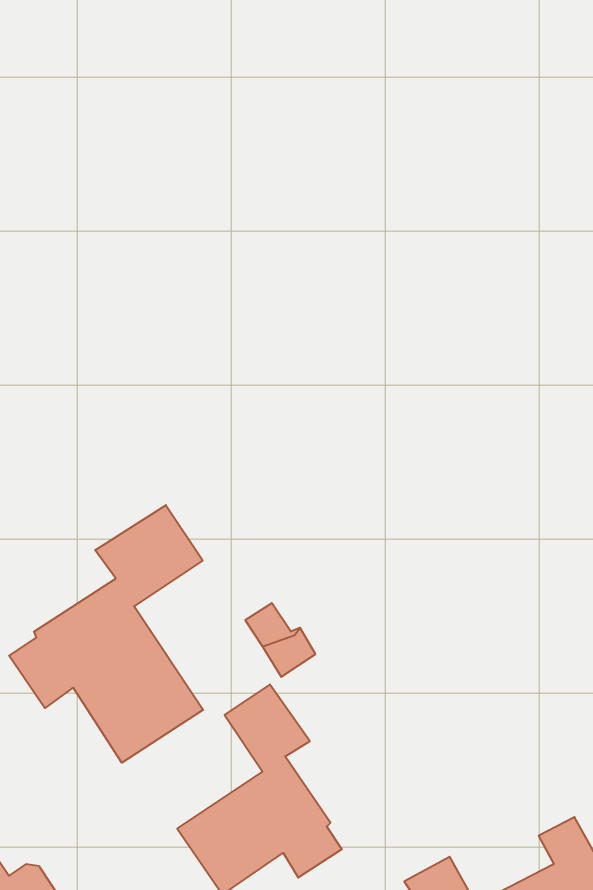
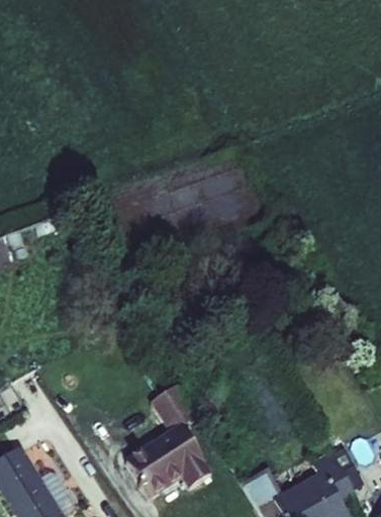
building: [9,505,203,763] -> none

